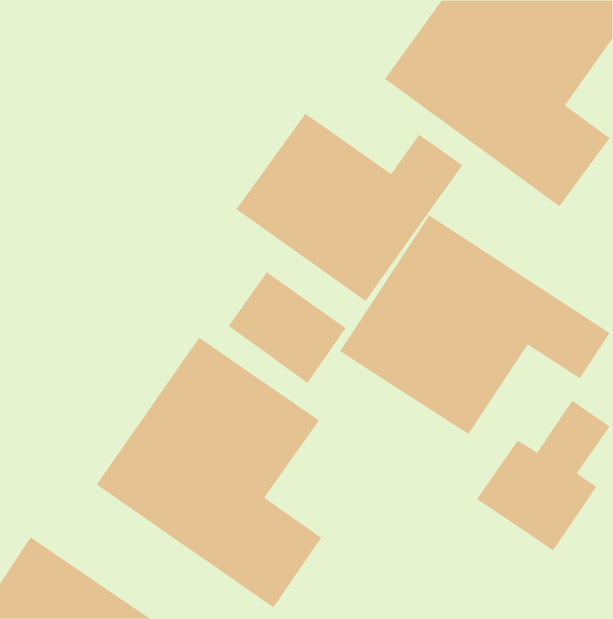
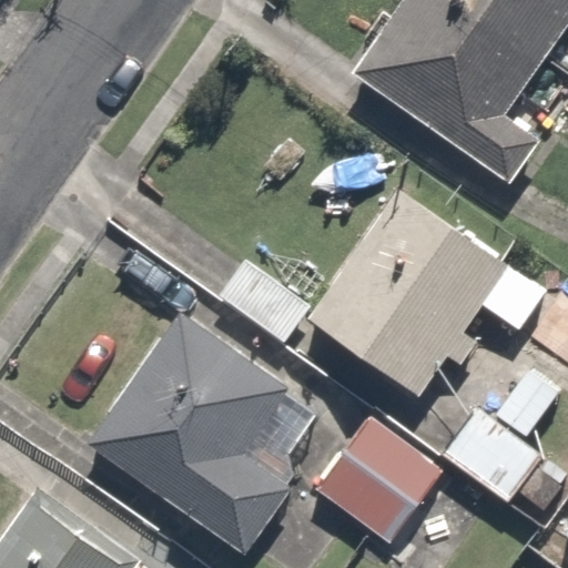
building: [236,113,463,302] -> none
building: none -> [308,410,456,556]

